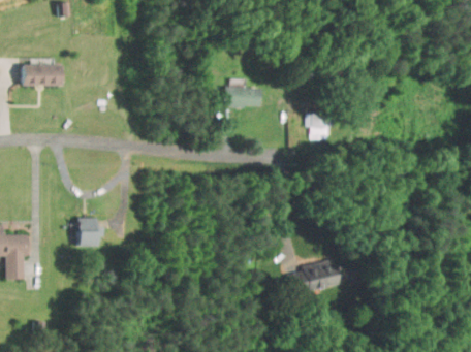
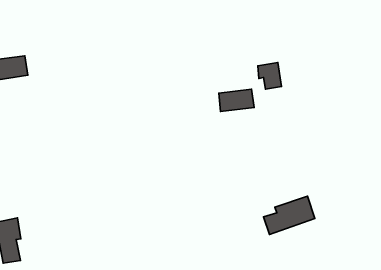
building: [224,86,260,106] -> [219,89,254,112]
building: [78,217,104,246] -> none

